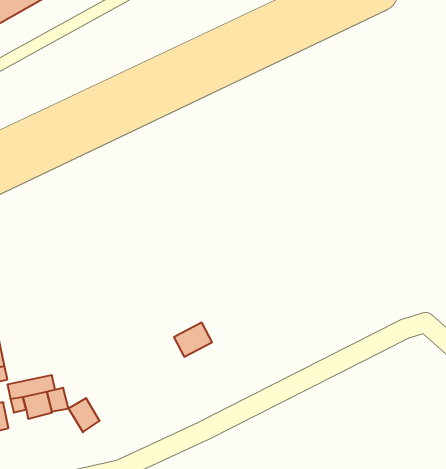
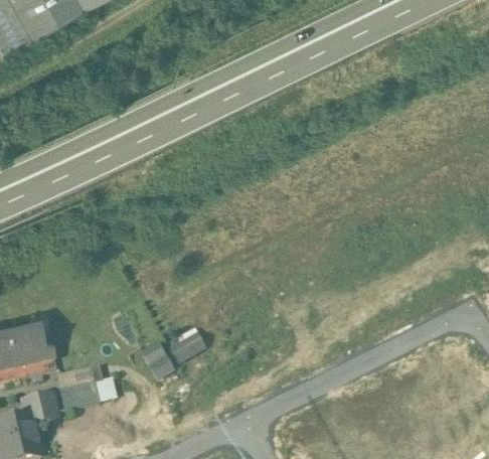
building: [174,323,212,357] -> [171,328,208,361]
building: [69,398,100,432] -> [147,346,177,379]

